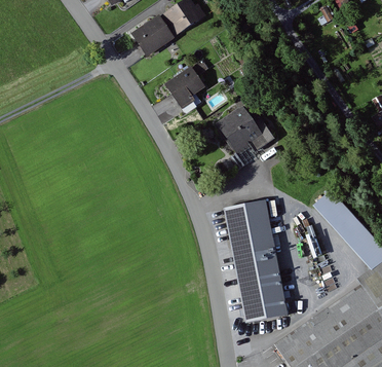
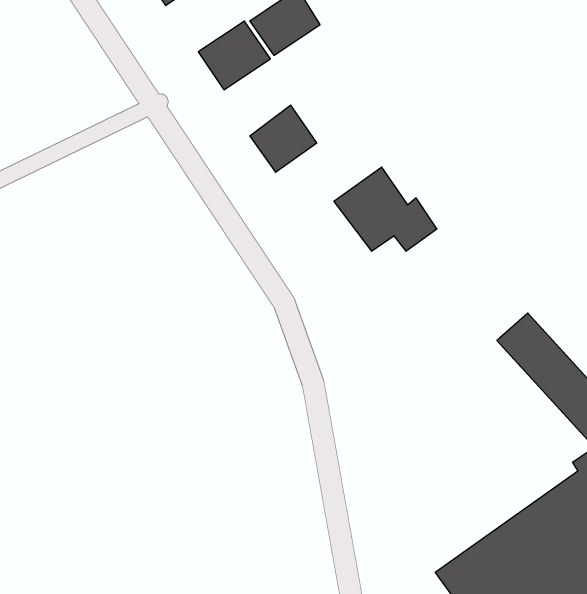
building: [223,200,289,323] -> none

